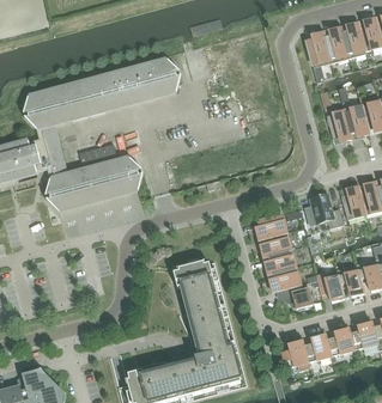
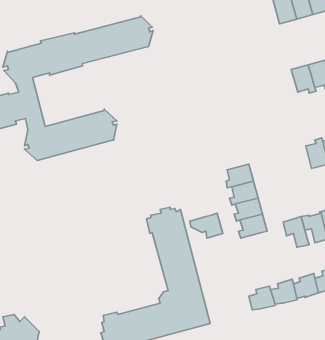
building: [304,194,344,228] -> none
building: [278,282,313,309] -> [190,213,223,238]

